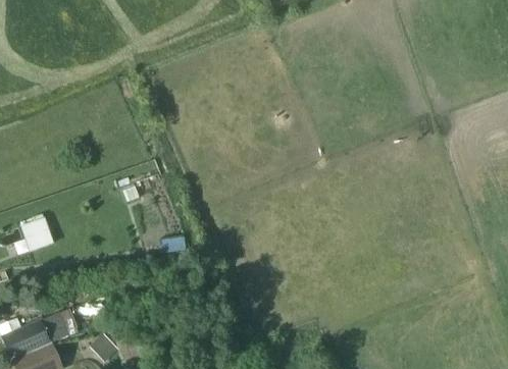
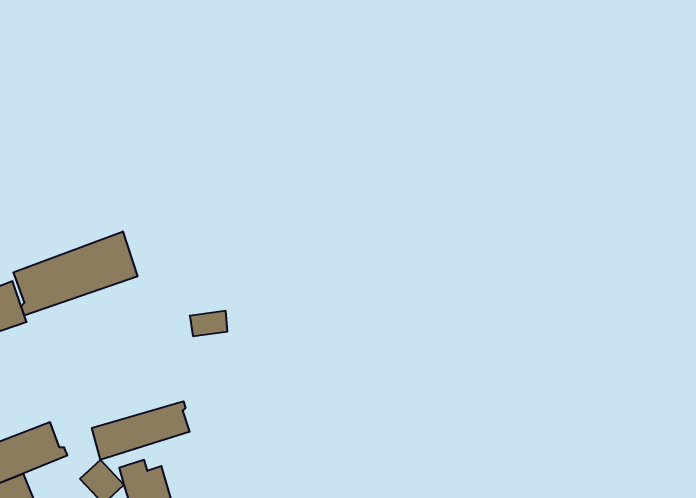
building: none -> [13,231,137,316]
building: none -> [92,401,189,460]

